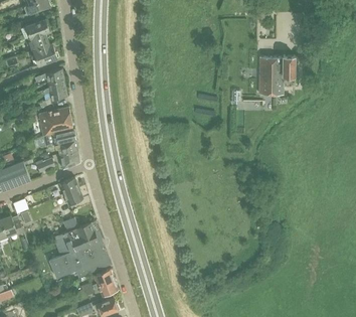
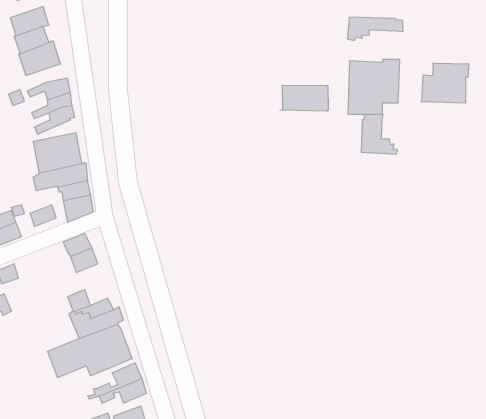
building: none -> [348,17,403,41]
building: none -> [422,63,469,103]
building: none -> [280,85,328,111]
building: none -> [362,114,398,154]

